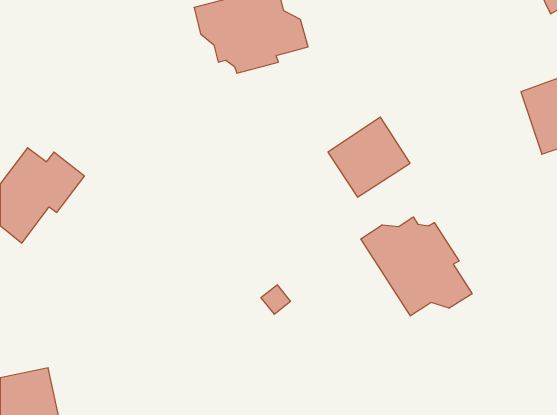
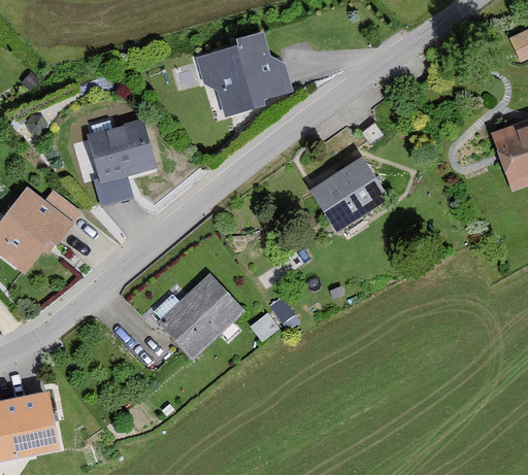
building: none -> [88,120,155,205]
building: [361,217,472,316] -> none
building: none -> [161,275,241,354]

